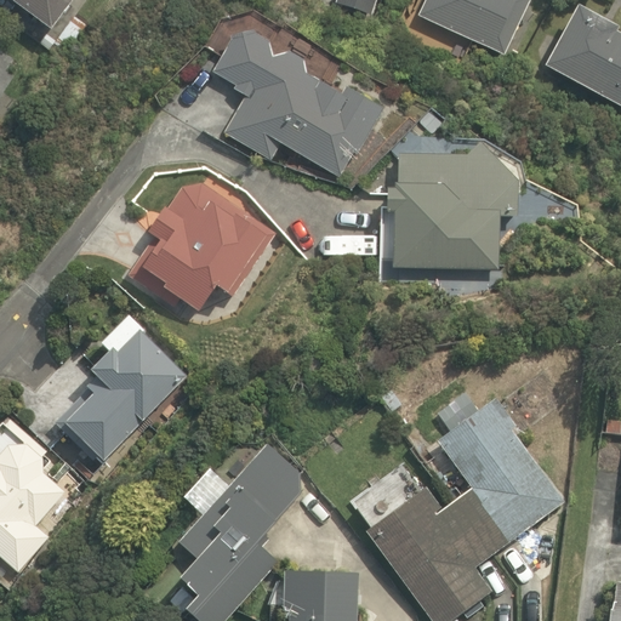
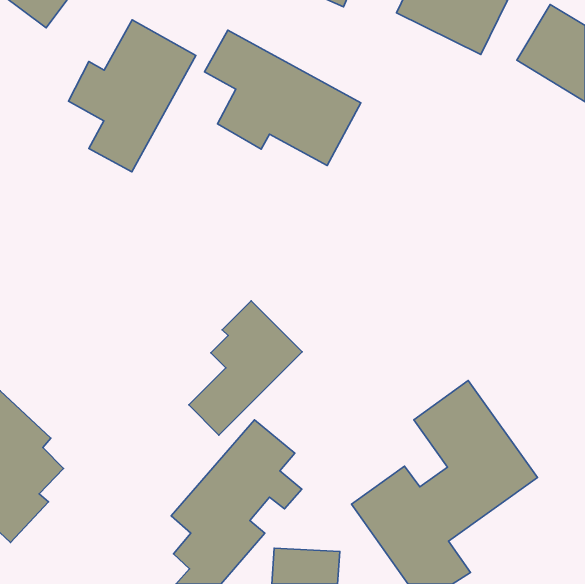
building: none -> [69,20,196,172]
building: [391,154,512,270] -> none
building: [124,165,270,318] -> none
building: [65,317,184,457] -> [189,301,302,435]

